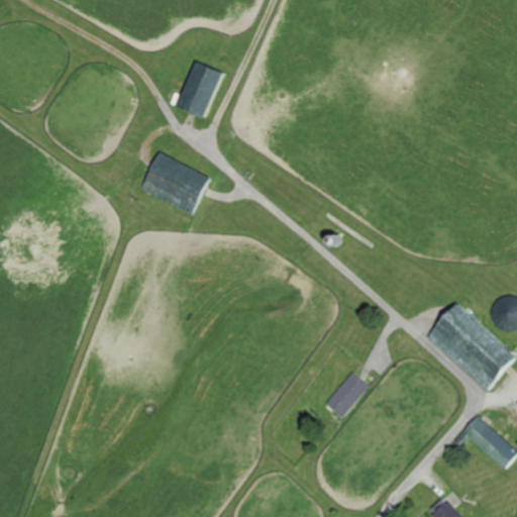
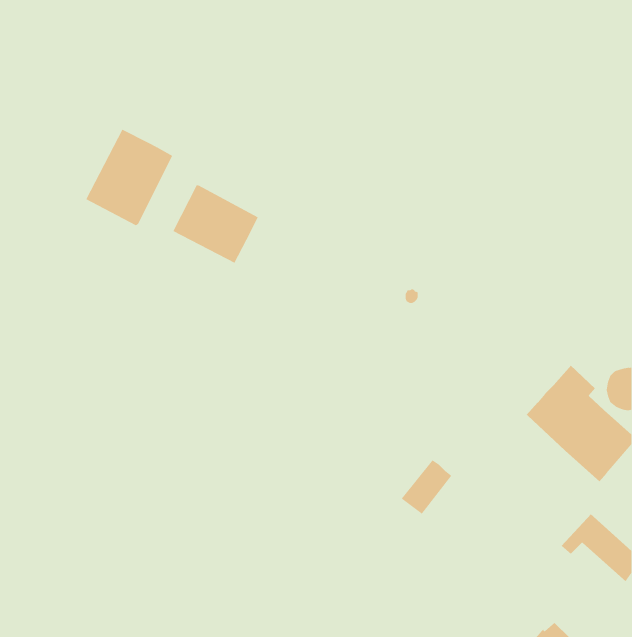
building: [178,63,224,119] -> none
building: none -> [86,129,173,226]

